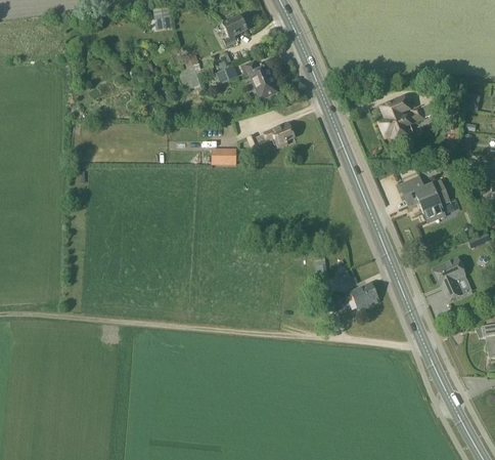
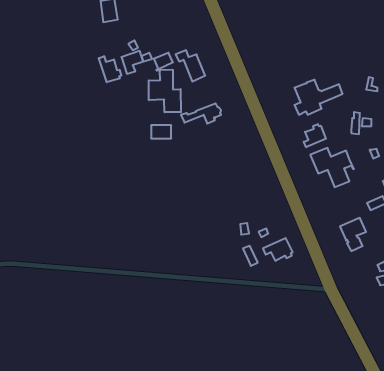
building: [218,16,247,46] -> none
building: none -> [99,56,121,82]
building: none -> [149,70,181,112]
building: none -> [304,124,326,147]

